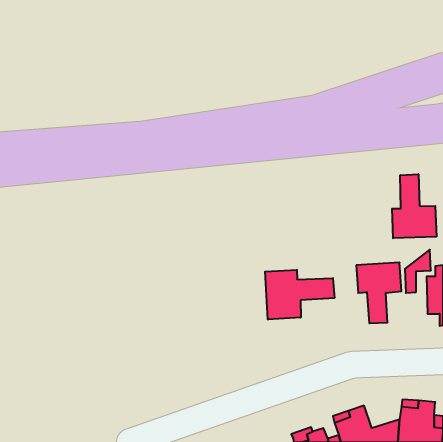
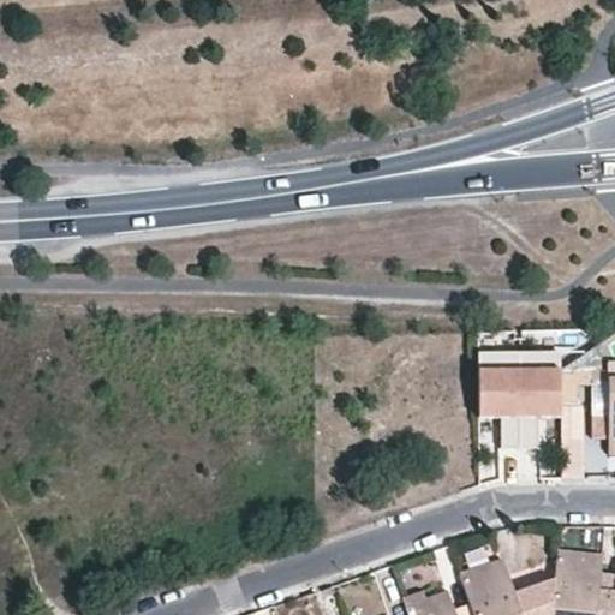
building: [392,174,436,238] -> none
building: [265,270,334,320] -> none

